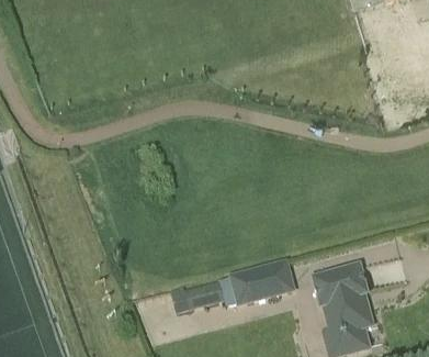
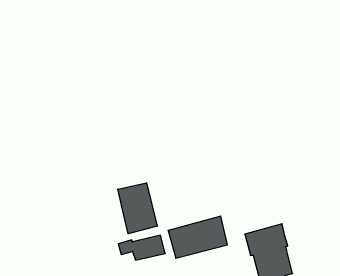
building: none -> [118,183,157,234]

